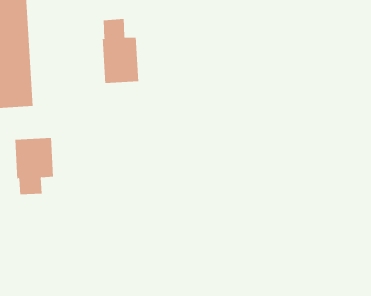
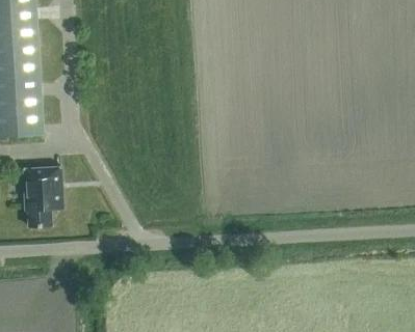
building: [102,18,139,84] -> none

